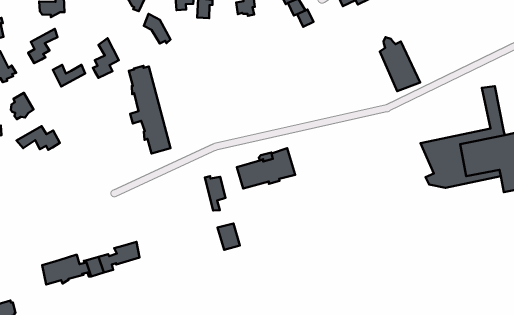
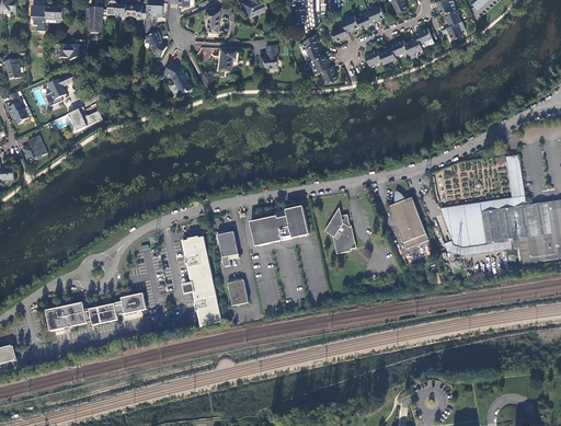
building: [380,37,420,91] -> [388,192,427,247]
building: [93,38,119,78] -> none
building: [129,66,171,154] -> [182,235,221,325]
building: [16,126,60,150] -> none
building: none -> [324,211,355,251]

